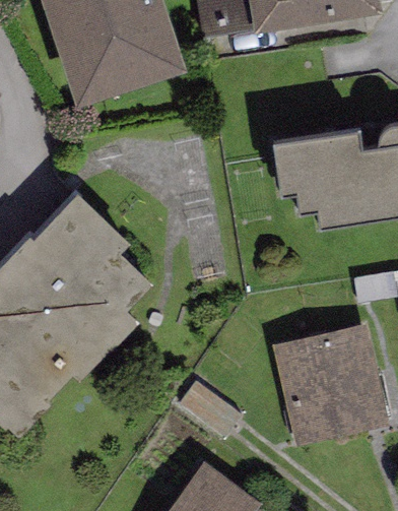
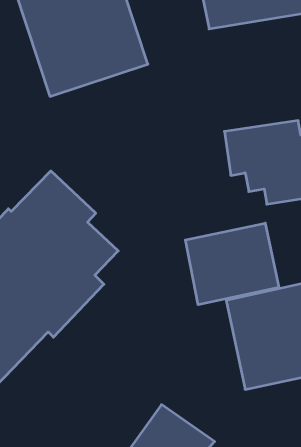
building: none -> [185,223,279,305]

